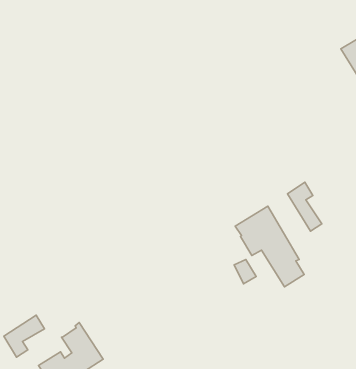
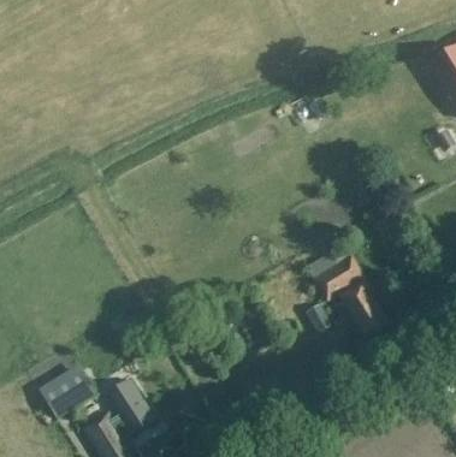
building: [288,182,322,231] -> none

